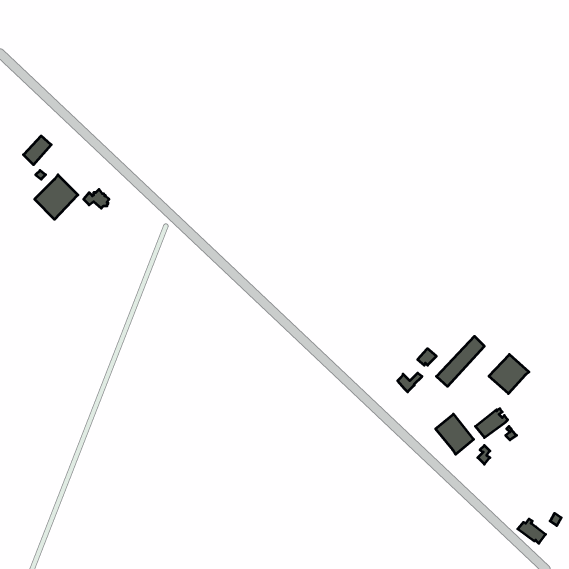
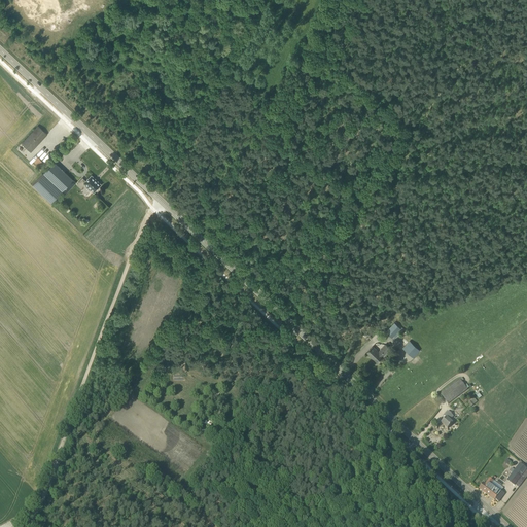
building: [489,354,529,394] -> none
building: [436,414,474,454] -> none

